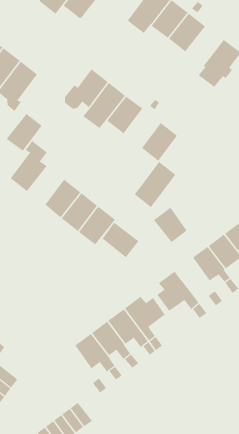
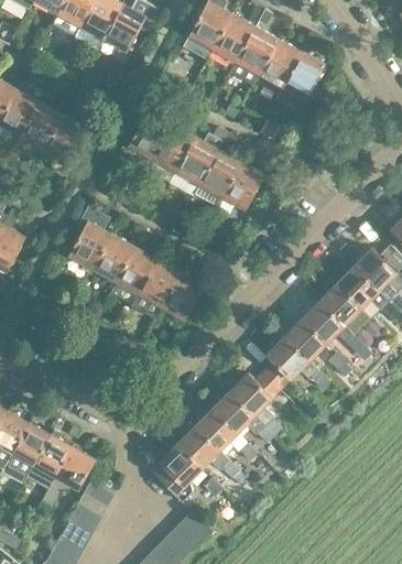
building: none -> [258,40,301,87]
building: [6,113,43,152] -> [93,235,134,281]
building: [134,161,176,208] -> [193,149,240,206]
building: [153,207,188,243] -> [283,318,326,361]
building: [102,222,139,258] -> none
building: none -> [150,444,200,501]

